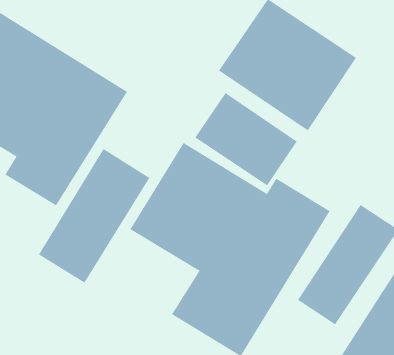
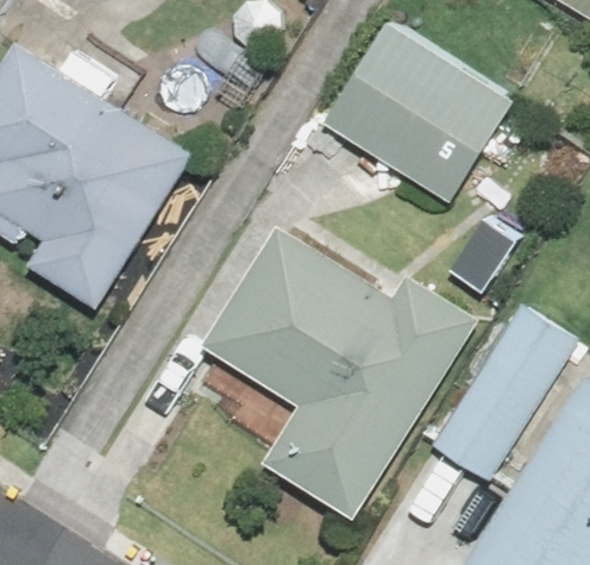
building: [195,92,297,186] -> none
building: [38,148,150,283] -> none

